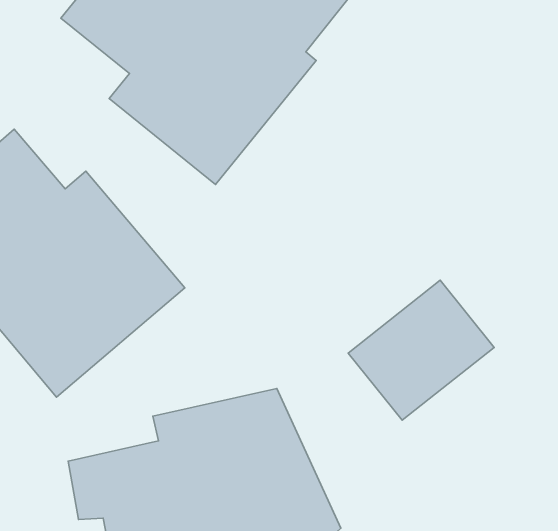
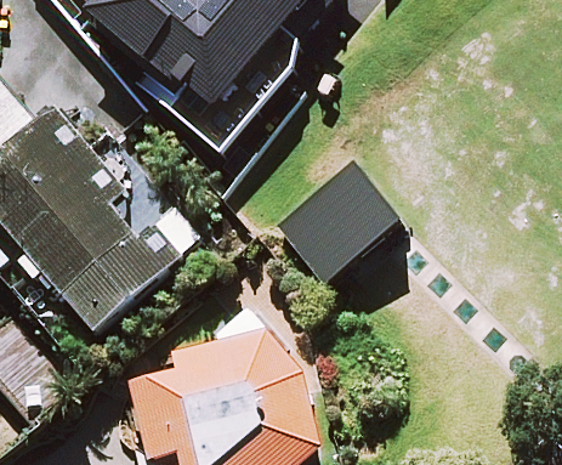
building: [348,280,494,420] -> [278,166,399,283]

